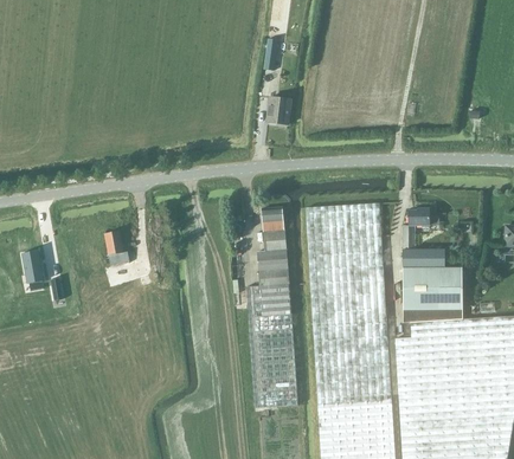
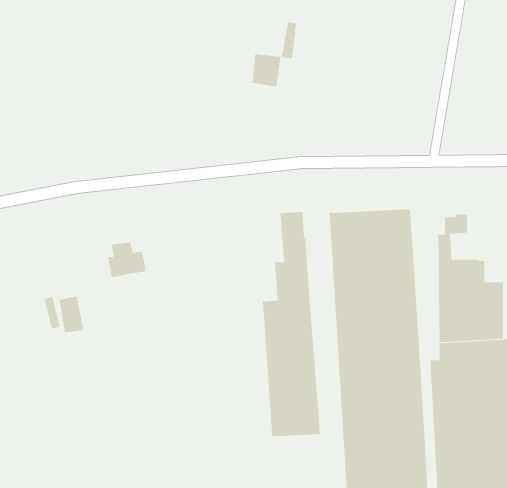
building: [268,97,294,127] -> [252,54,281,87]
building: [23,251,45,284] -> [59,296,84,333]

